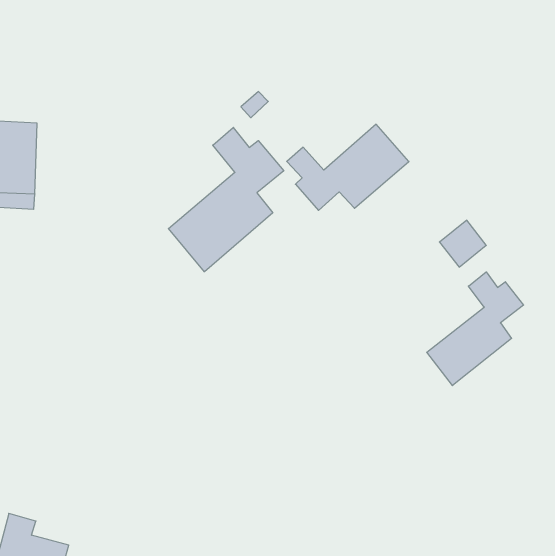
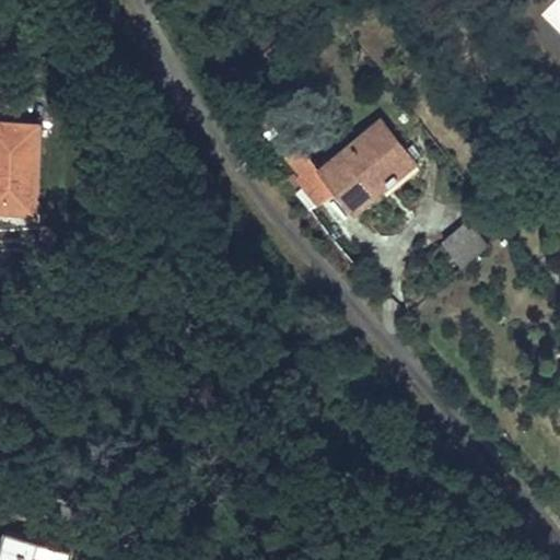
building: [168,127,284,272] -> none
building: [427,272,524,386] -> none

